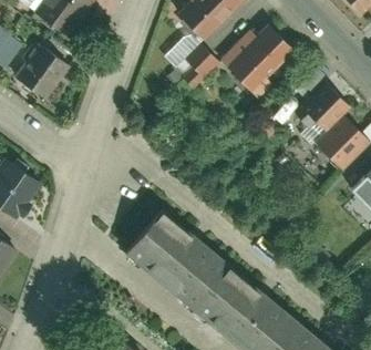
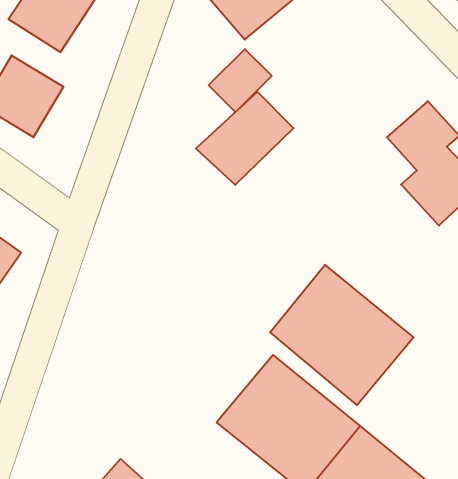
building: [219,20,288,85] -> [196,92,294,185]
building: [120,205,220,303] -> [270,265,414,405]

